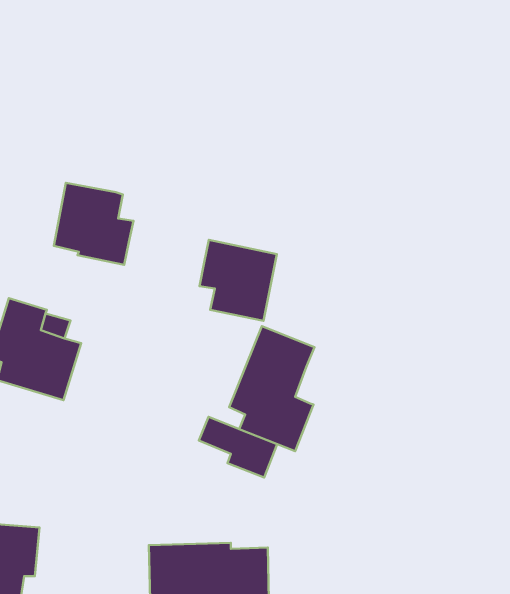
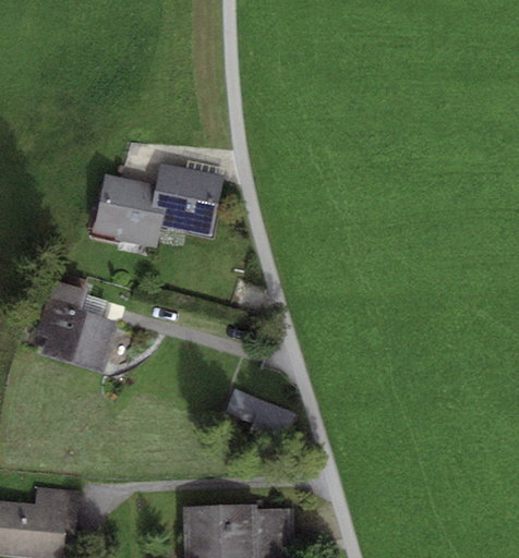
building: [199,240,277,321] -> [152,165,222,239]
building: [229,326,314,451] -> none

